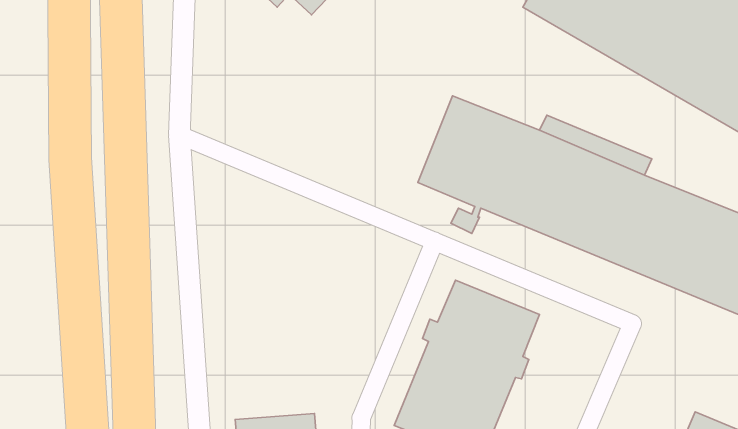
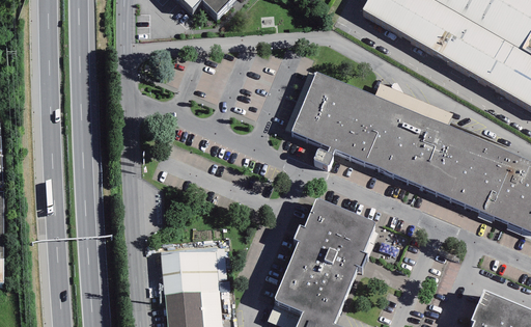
building: none -> [161,251,219,295]

